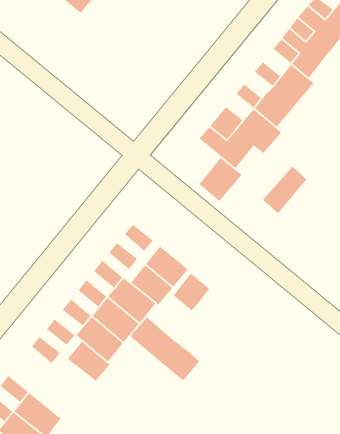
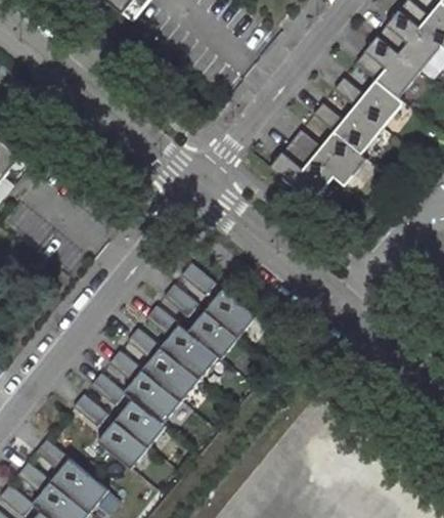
building: [198,157,242,202] -> none
building: [262,165,307,214] -> none
building: [172,273,210,311] -> none
building: [129,316,200,382] -> none
building: none -> [98,422,148,470]

